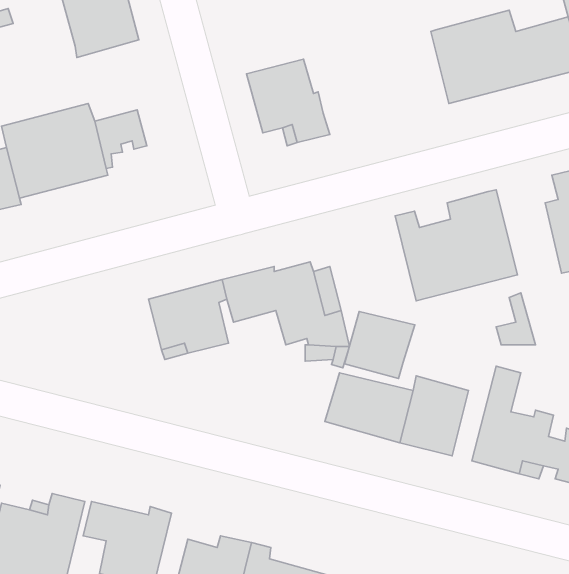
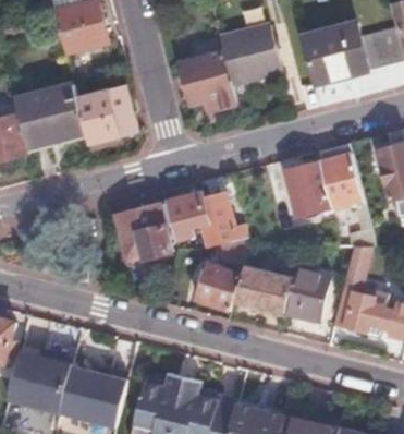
building: none -> [219,24,283,91]
building: none -> [90,84,136,142]
building: [344,312,415,379] -> [194,263,241,308]

